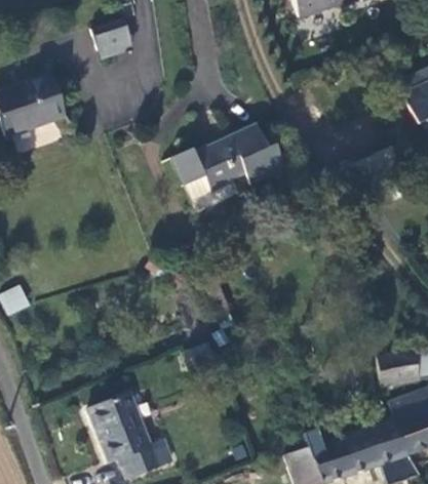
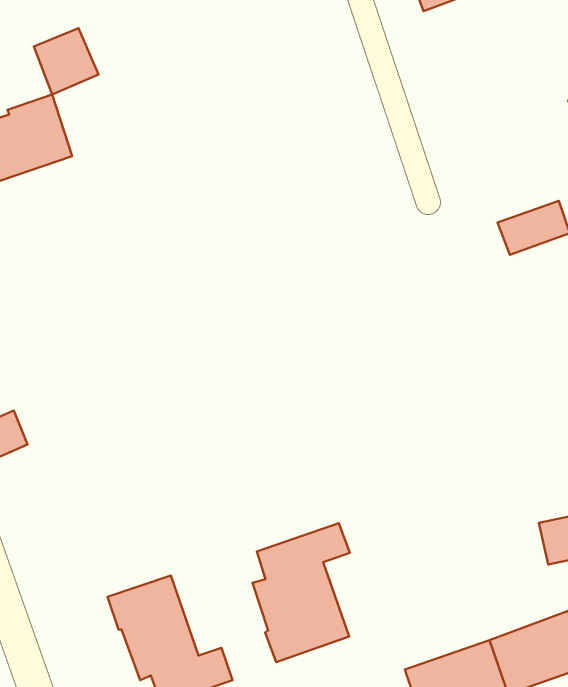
building: [90,14,133,58] -> [34,28,98,94]
building: [171,126,284,202] -> none
building: none -> [253,523,350,662]

